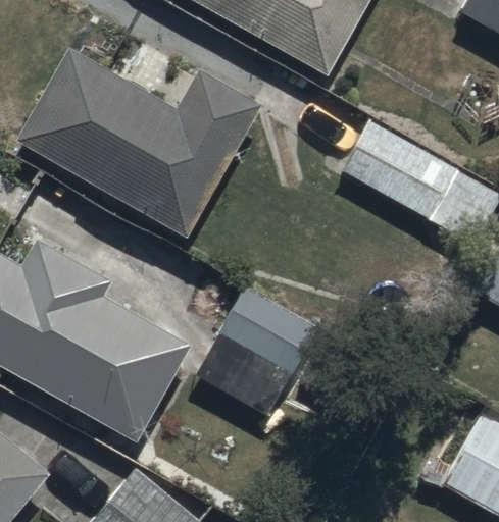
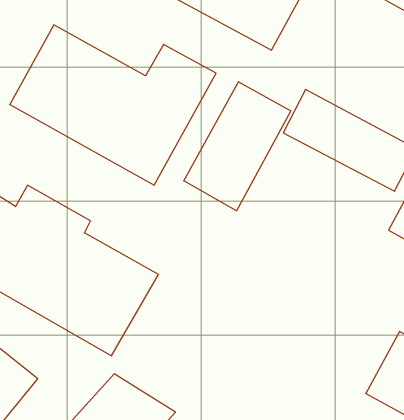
building: none -> [184,82,291,211]
building: [194,289,361,419] -> none

